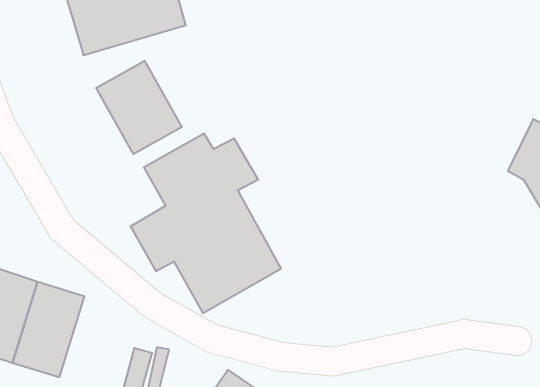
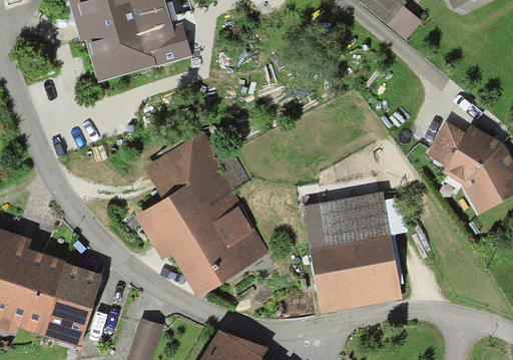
building: [96,61,182,154] -> none
building: none -> [434,124,470,165]
building: none -> [304,196,398,311]

